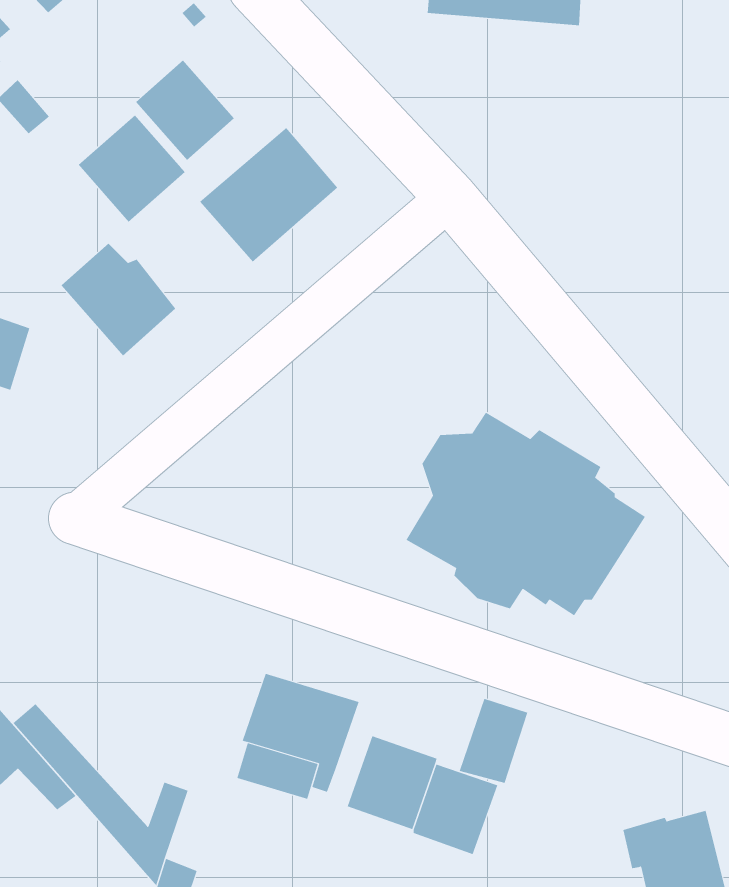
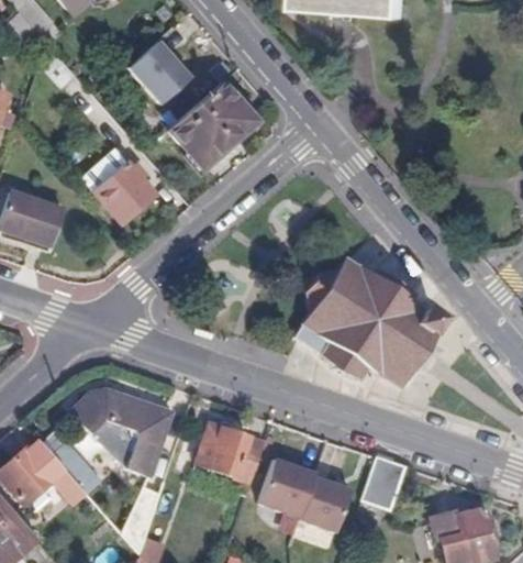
building: [78,115,185,222] -> none
building: none -> [70,388,170,475]
building: [459,698,528,784] -> [363,456,405,509]

